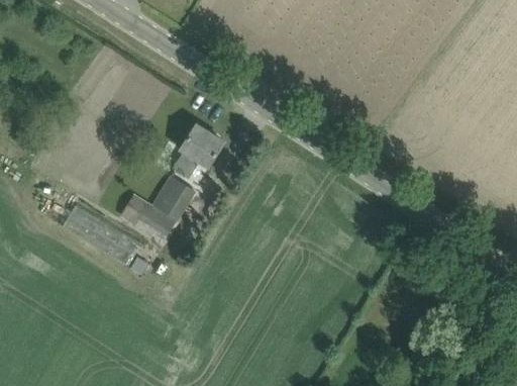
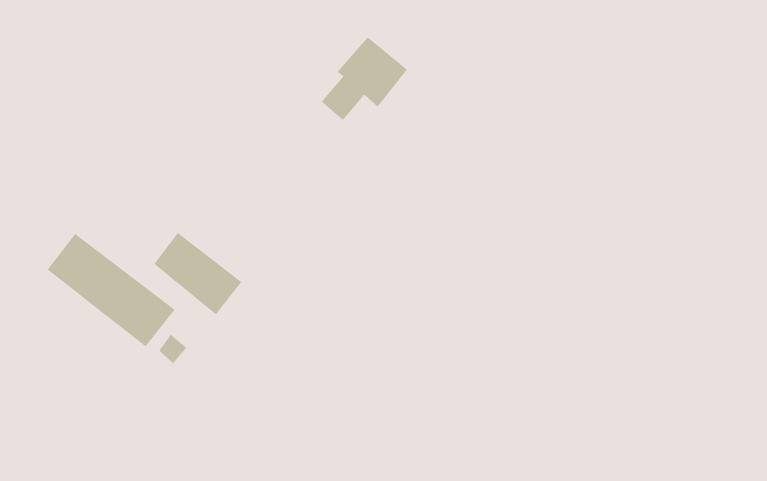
building: [173,124,223,178] -> [321,36,408,121]
building: [156,176,195,218] -> none

